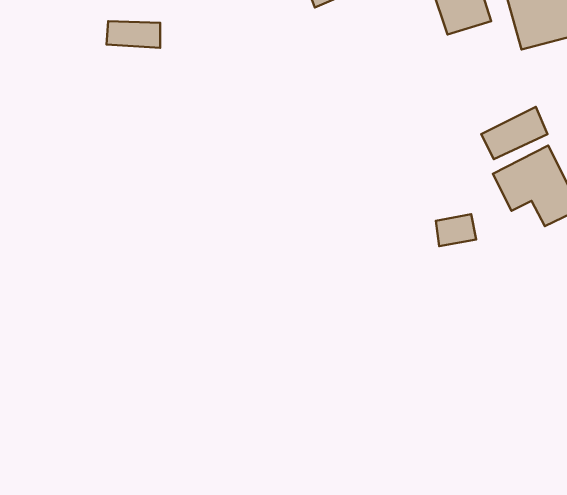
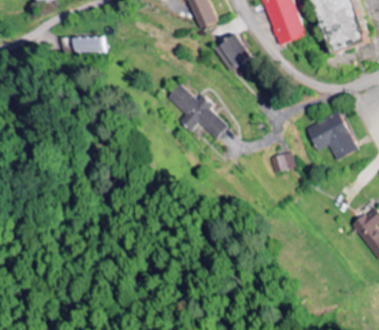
building: none -> [215,33,249,69]
building: none -> [168,83,228,137]
building: [481,107,548,159] -> none

